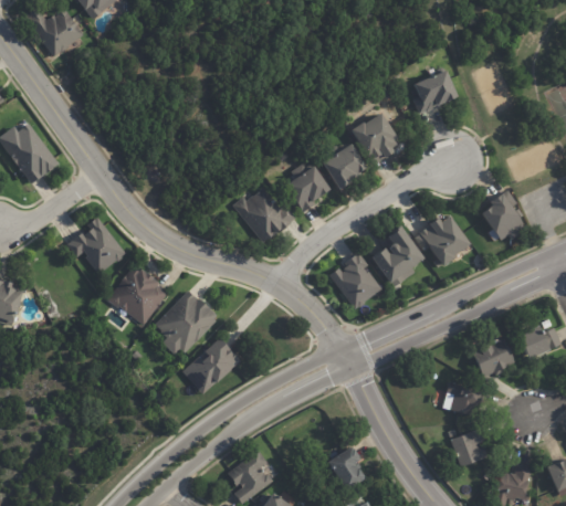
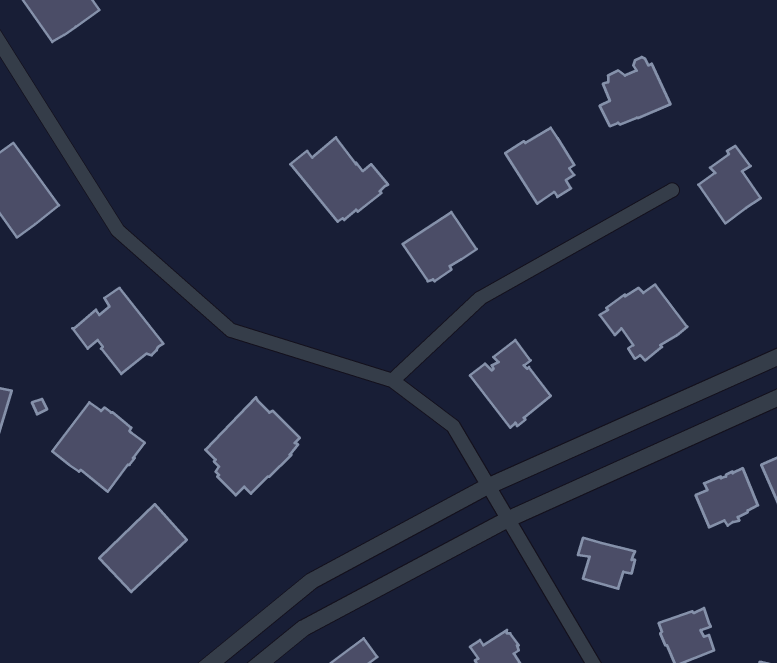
building: [323,147,368,193] -> none
building: [232,188,296,243] -> [290,137,388,222]
building: [481,188,522,239] -> [698,146,761,223]
building: [370,225,422,283] -> none
building: [105,270,166,328] -> [52,402,145,492]
building: [180,336,238,393] -> [99,504,187,592]
building: [446,381,483,414] -> [578,538,635,589]

